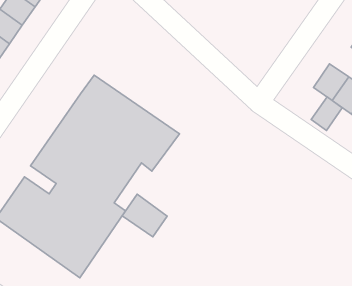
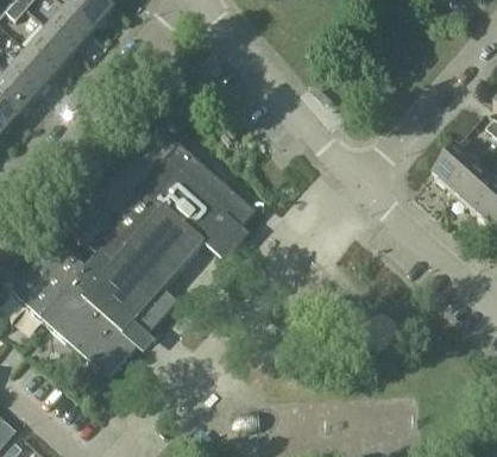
building: [311,97,342,131] -> none
building: [122,194,167,237] -> none

